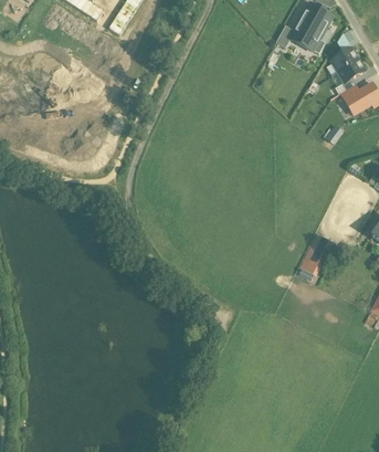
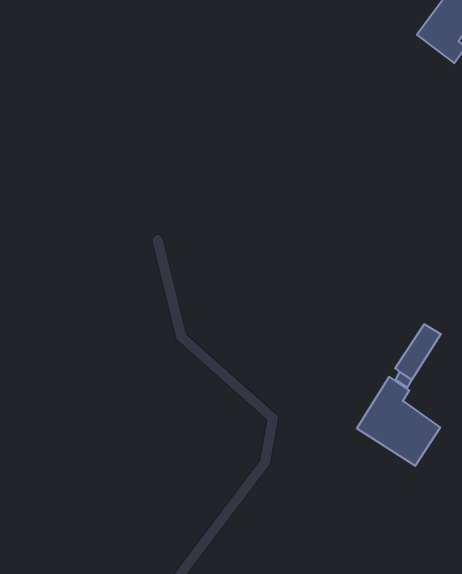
building: none -> [357,377,440,466]

